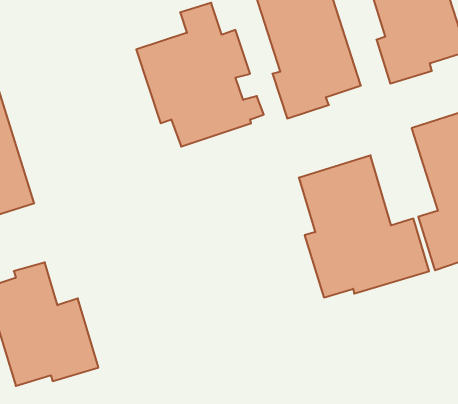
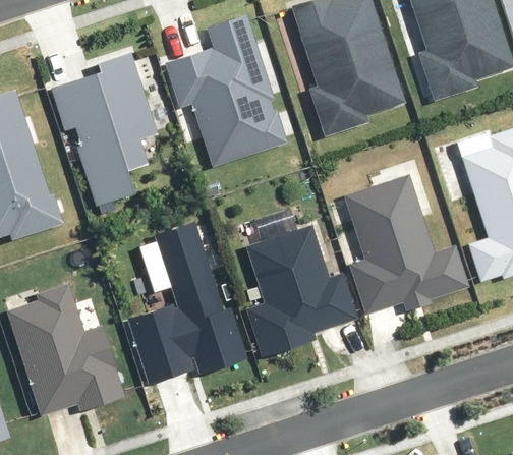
building: none -> [52,49,174,206]
building: none -> [236,217,362,364]
building: none -> [148,218,247,378]

